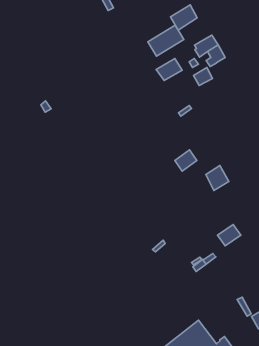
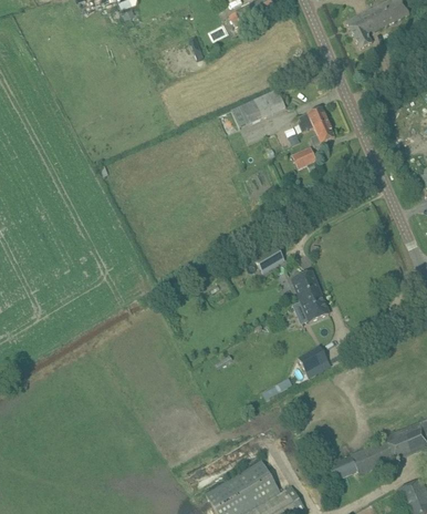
building: [170,5,197,30] -> none
building: [156,58,182,81] -> none
building: none -> [292,292,329,322]

